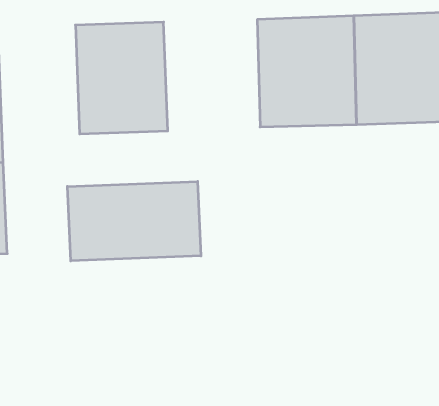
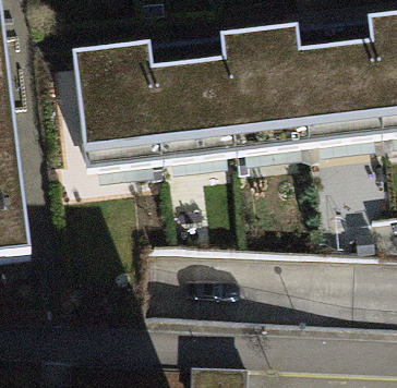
building: none -> [139,45,221,138]
building: [67,181,201,261] -> none

